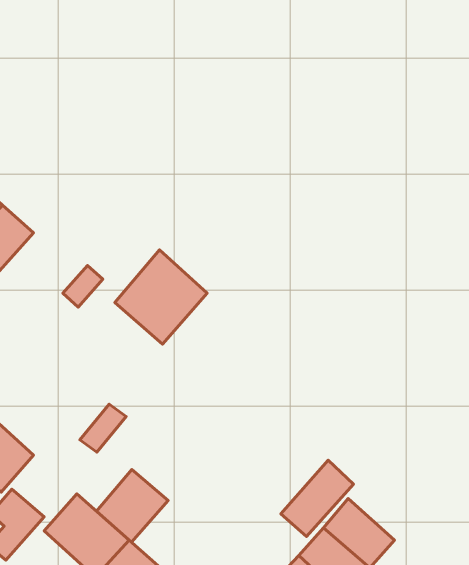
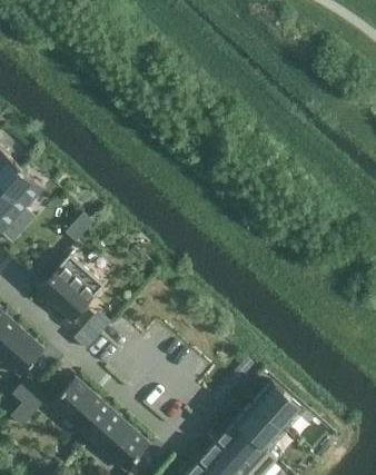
building: [115,250,207,344] -> [37,255,103,323]
building: [281,460,354,536] -> none
building: [96,470,168,542] -> none

